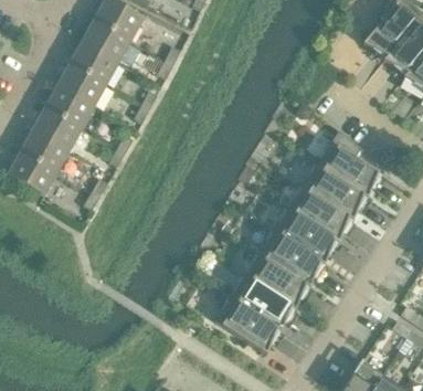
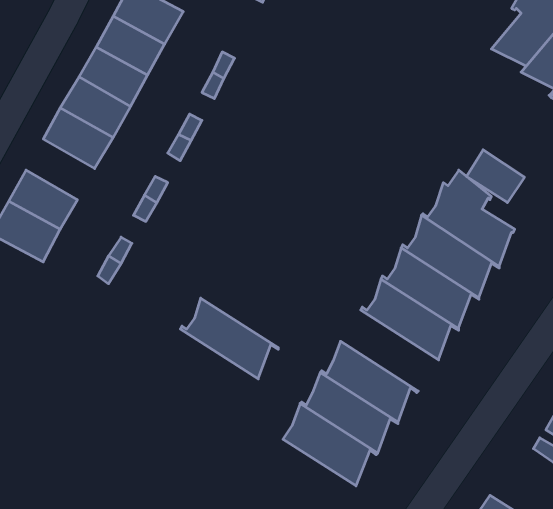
building: [32,108,81,151] -> none
building: none -> [467,150,524,203]
building: [255,230,325,287] -> [180,298,278,379]

